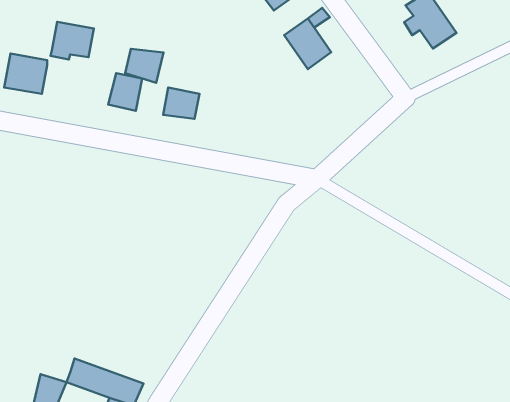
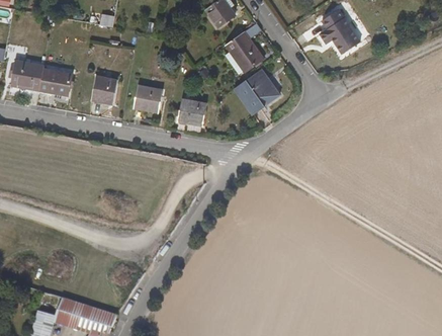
building: [51,22,94,60] -> [36,67,70,96]
building: [125,49,163,83] -> none
building: none -> [235,70,278,112]
building: none -> [175,97,203,122]

